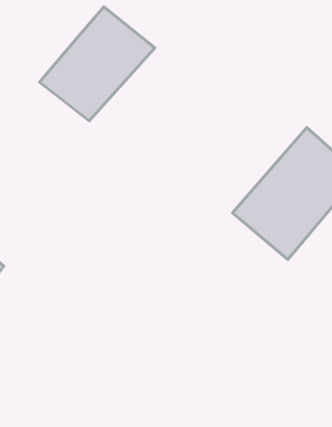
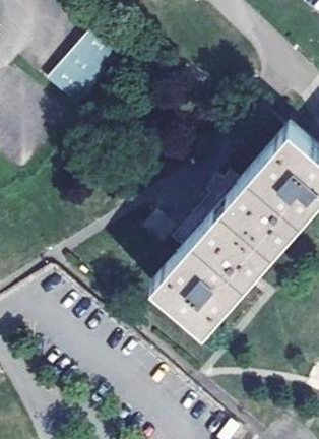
building: none -> [149,204,270,330]

